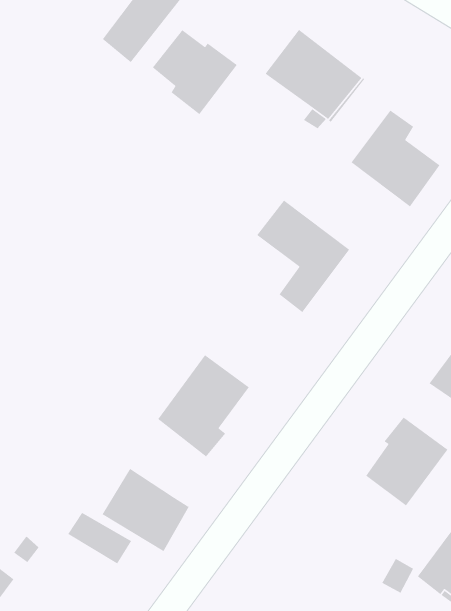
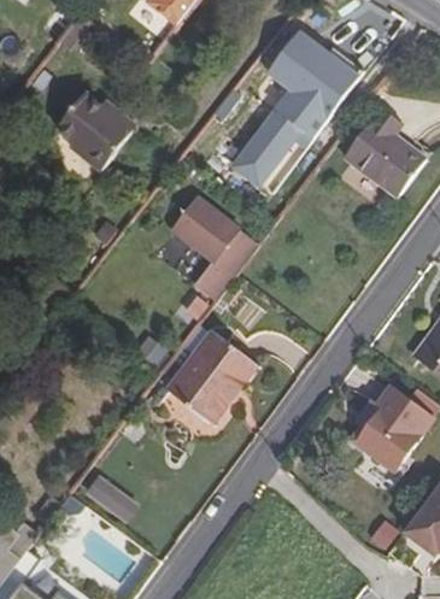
building: [152,29,238,115] -> [57,93,135,171]
building: none -> [244,127,291,177]
building: [256,199,350,313] -> [174,198,259,301]
building: [101,468,190,552] -> none

